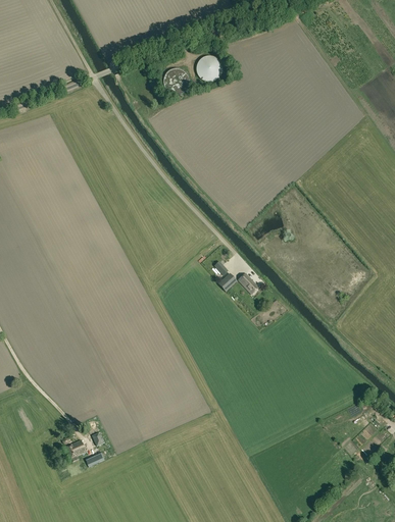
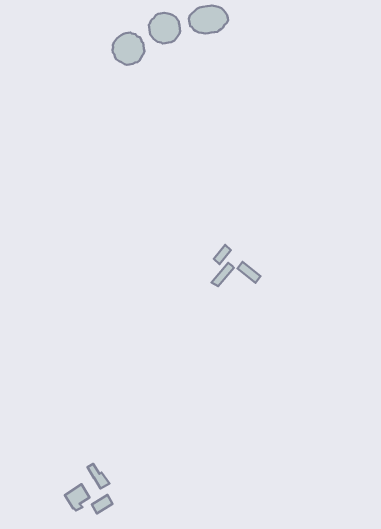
building: none -> [189,5,228,34]

